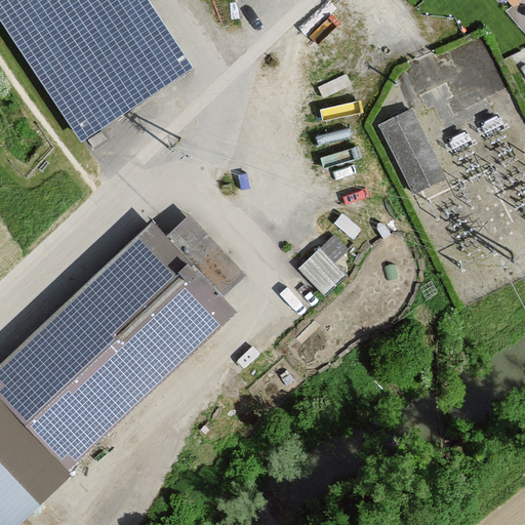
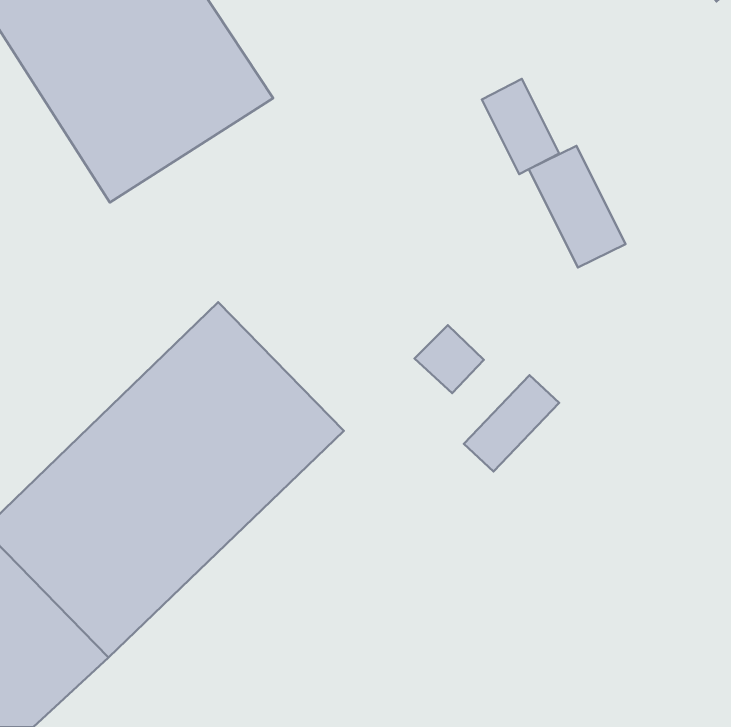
building: none -> [482,79,559,174]
building: none -> [464,375,559,472]

